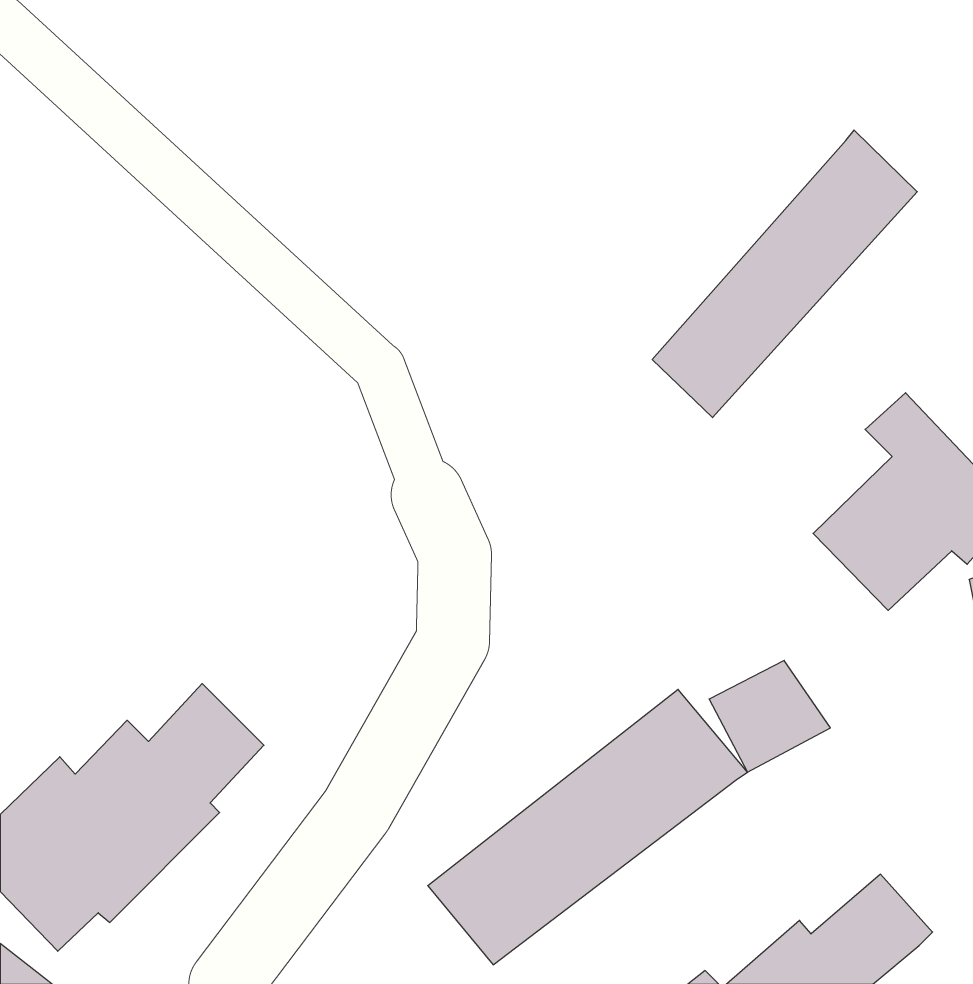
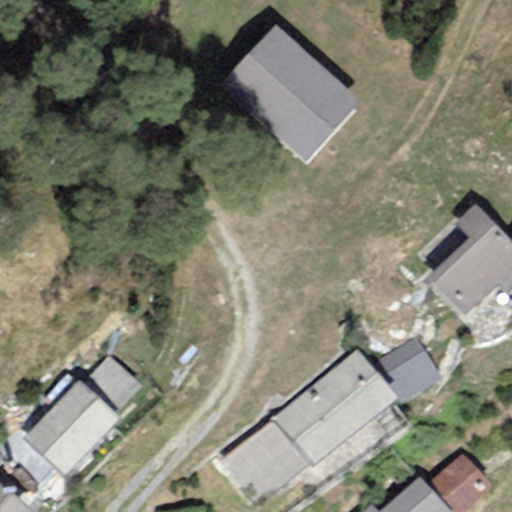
building: none -> [226,33,352,156]
building: [652,130,917,418] -> none

